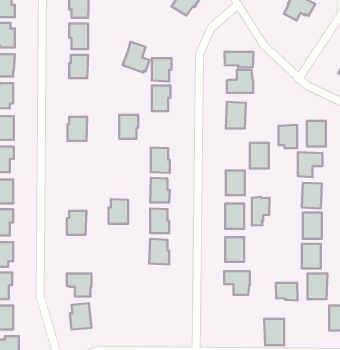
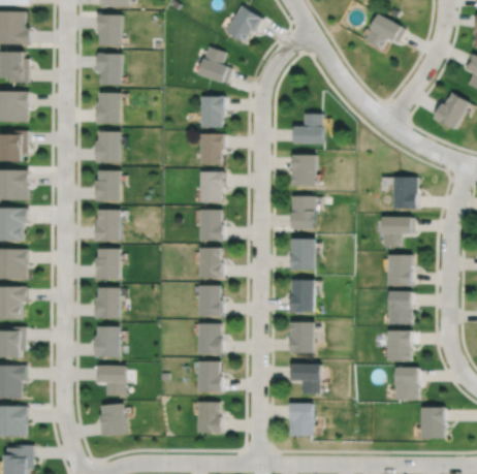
building: [122,42,150,72] -> [197,46,231,85]
building: [225,52,253,68] -> none
building: none -> [95,129,120,161]
building: [119,115,138,139] -> [199,171,223,201]
building: [278,125,297,148] -> none
building: [250,143,269,168] -> [292,195,316,227]
building: none -> [95,209,119,240]
building: [252,197,269,225] -> none
building: [108,199,128,224] -> [94,248,119,279]
building: none -> [93,326,118,357]
building: none -> [197,361,221,392]
building: [276,283,297,300] -> none
building: none -> [197,403,221,434]
building: [264,319,284,345] -> [290,403,315,436]

